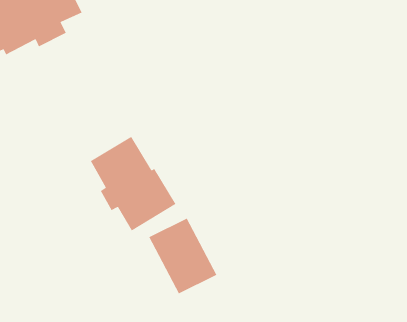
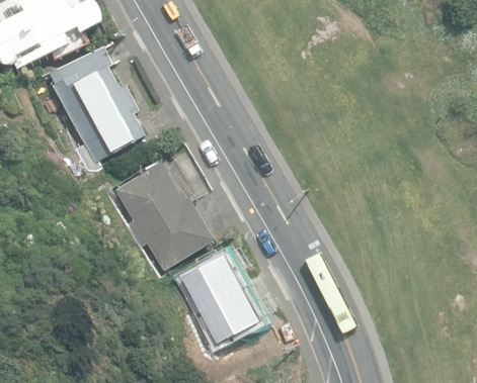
building: none -> [49,46,146,171]

